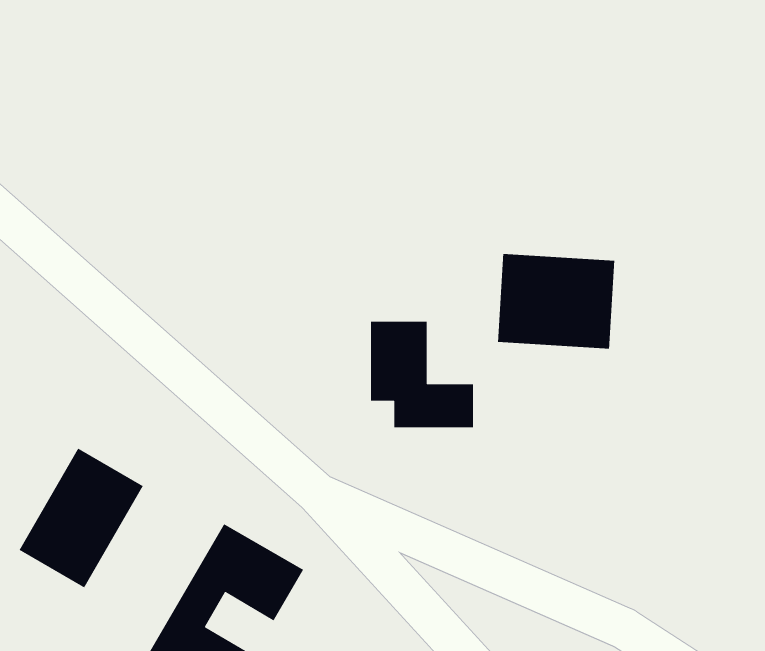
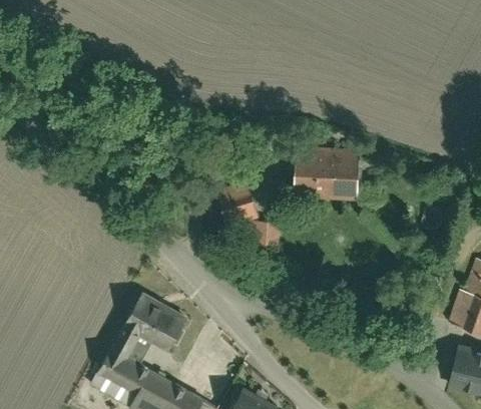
building: [19,447,144,589] -> none

